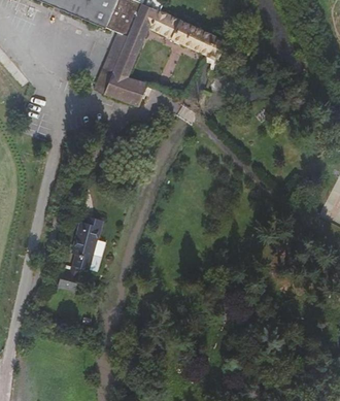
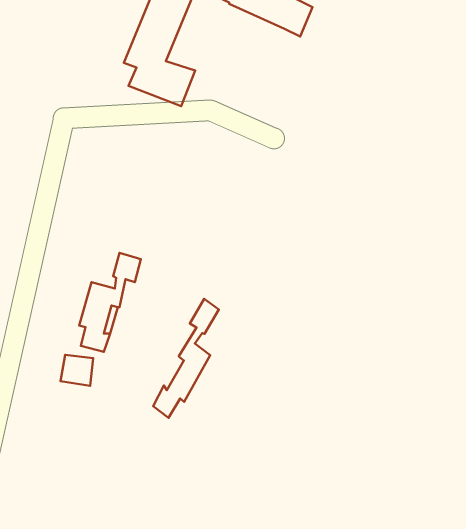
building: none -> [153,299,219,418]

